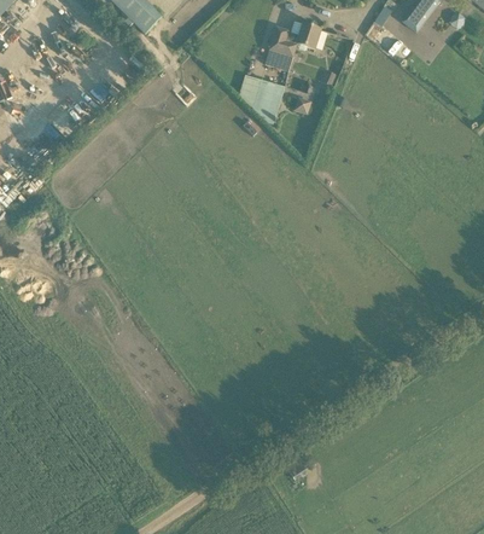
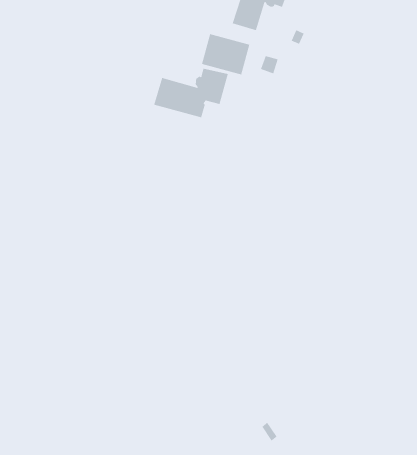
building: none -> [153,68,229,118]

